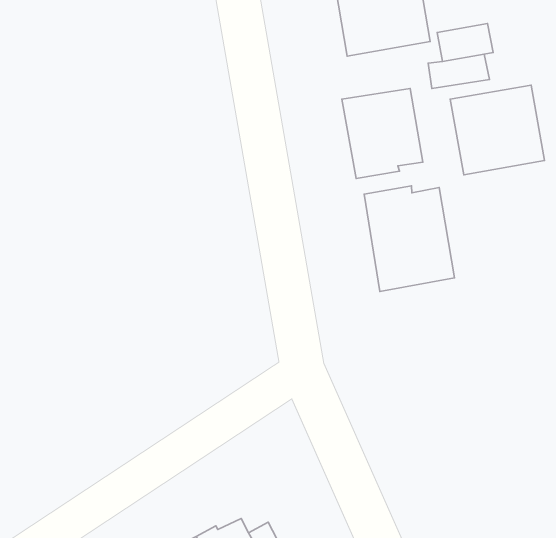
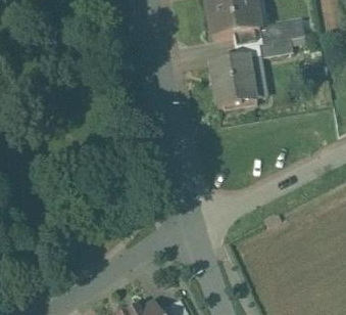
building: [450,85,545,175] -> none
building: [364,186,455,292] -> none

